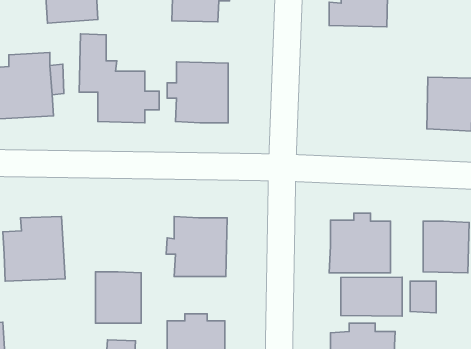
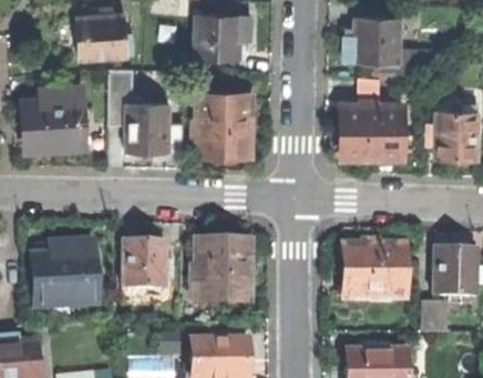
building: none -> [346,100,402,157]
building: [95,272,141,323] -> [122,239,165,288]
building: [341,277,402,316] -> none

